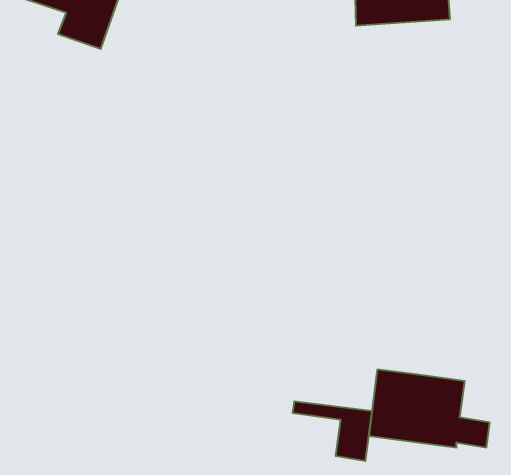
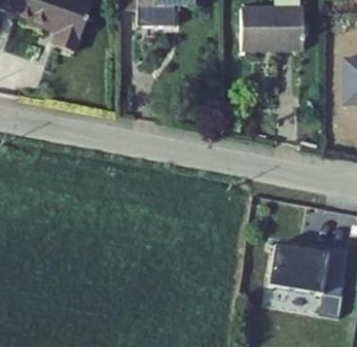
building: [293,401,372,461] -> [283,253,332,290]

